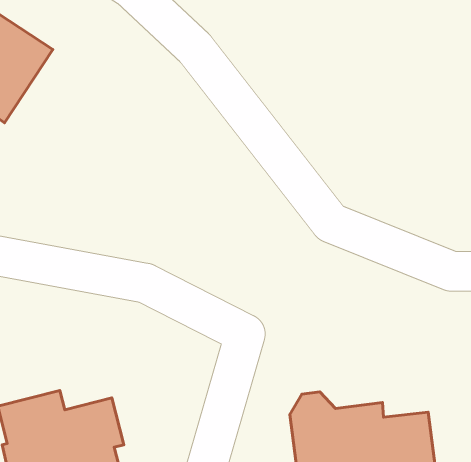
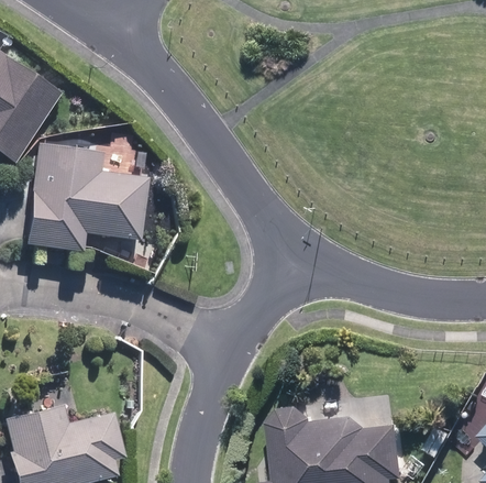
building: none -> [27,145,146,251]

